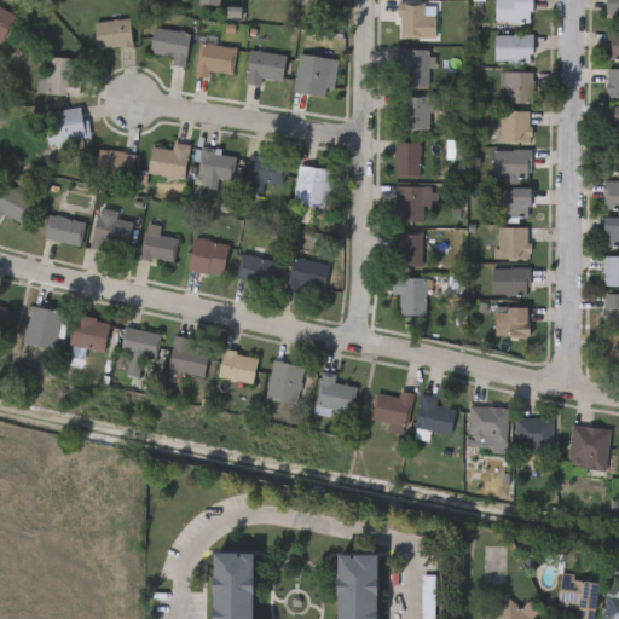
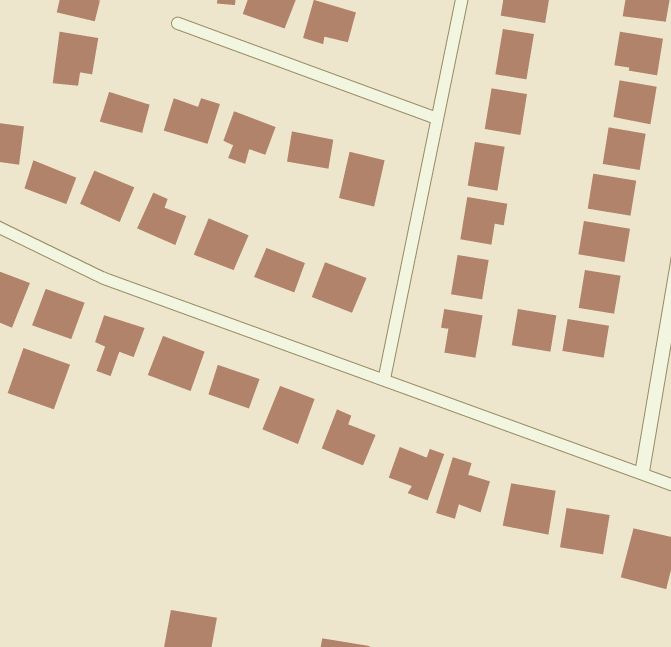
building: [294,54,339,98] -> none
building: [494,307,527,337] -> [511,308,557,352]
building: none -> [7,347,71,410]

